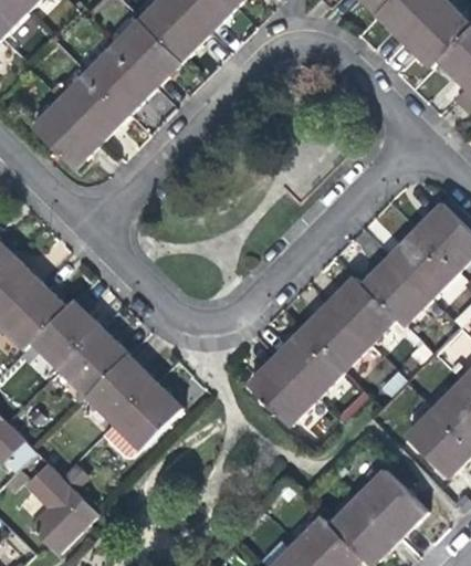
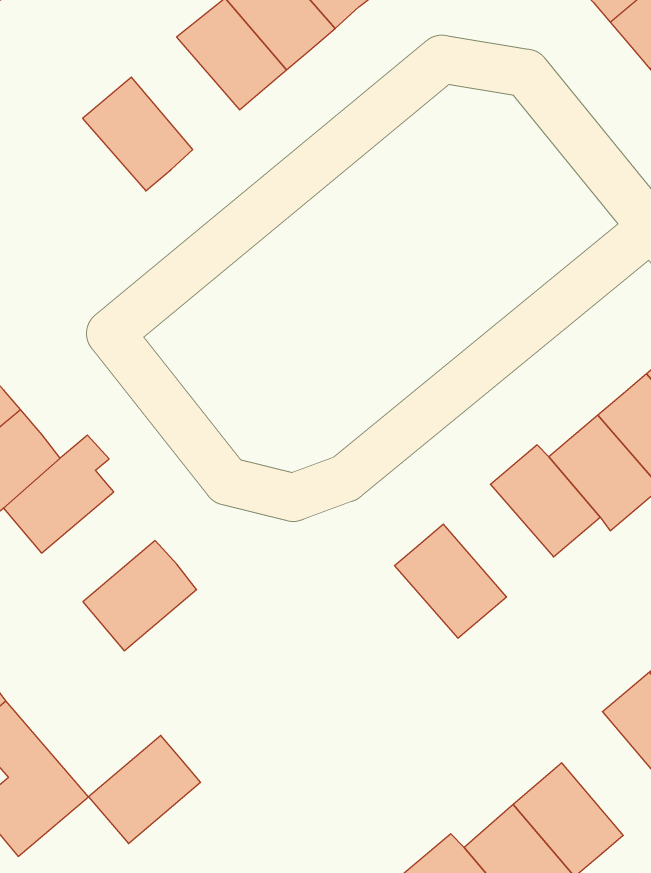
building: [88,46,156,114] -> none
building: [34,101,103,168] -> none
building: [301,303,369,370] -> none
building: [57,326,126,395] -> none
building: [247,357,315,424] -> none
building: [113,381,180,449] -> [89,735,201,844]

